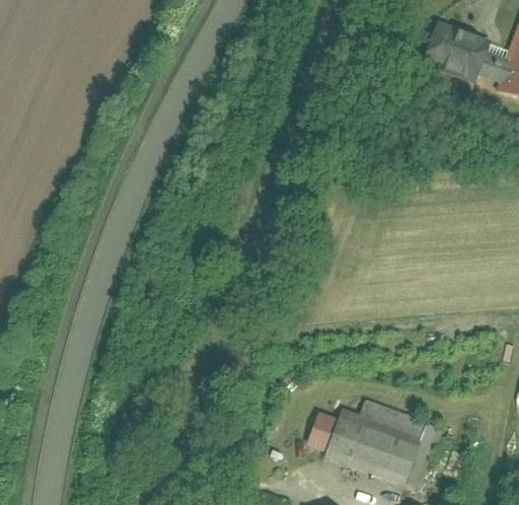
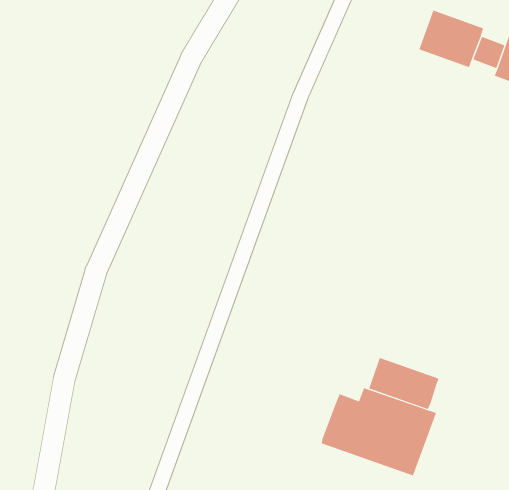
building: none -> [368,357,439,410]
building: [307,413,338,451] -> none

